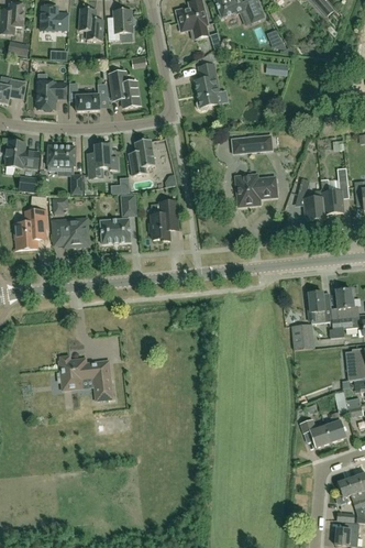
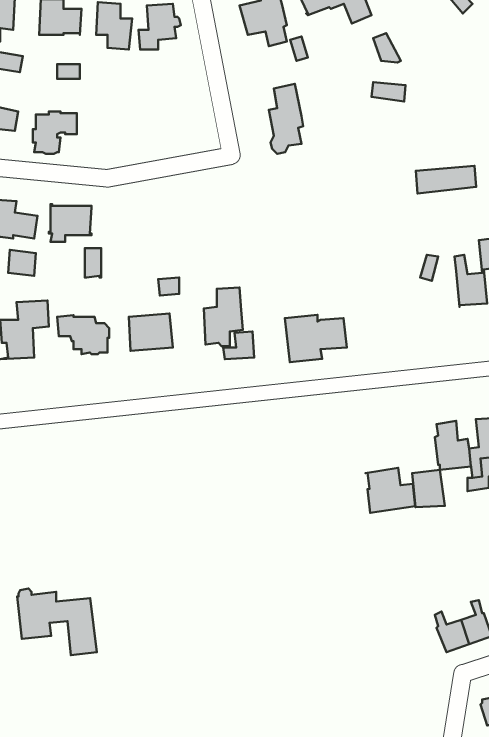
building: [110,70,140,107] -> none
building: [69,81,107,110] -> none
building: [232,134,273,153] -> [416,166,476,194]
building: [129,139,156,175] -> none
building: [88,142,118,174] -> none
building: [235,174,277,206] -> [285,315,347,362]
building: [303,189,325,219] -> none
building: none -> [366,468,415,513]
building: [59,355,113,401] -> [17,588,97,655]

